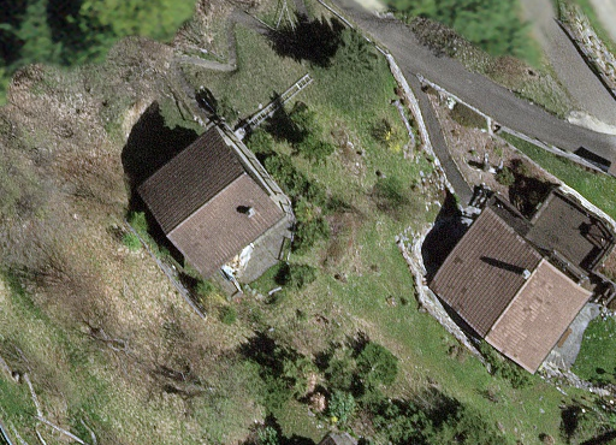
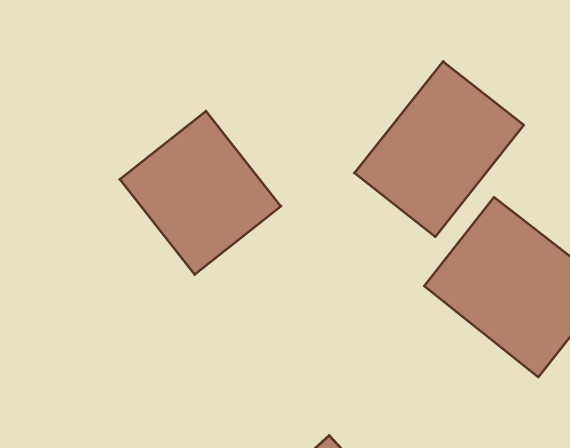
building: none -> [354,61,524,237]

